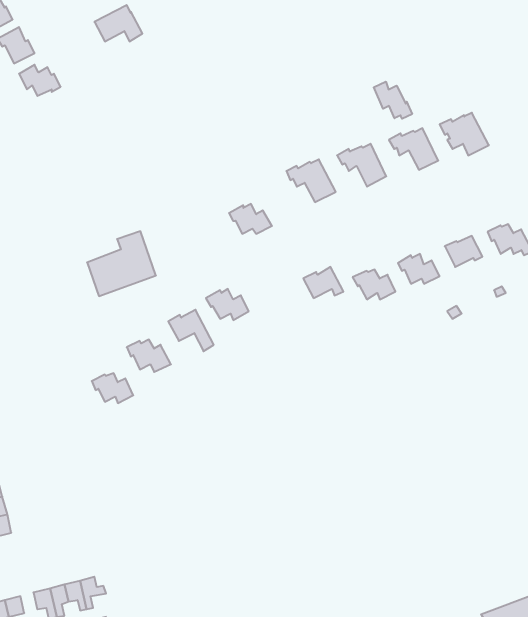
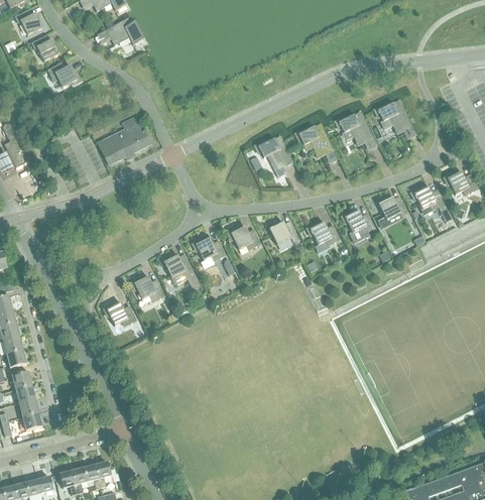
building: [374,82,412,119] -> none
building: [229,204,272,234] -> [228,226,261,249]
building: [87,231,156,296] -> [100,113,153,163]

